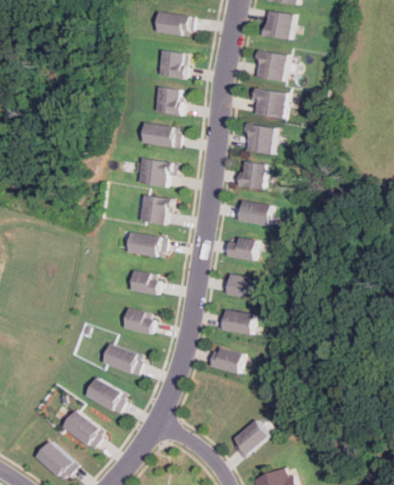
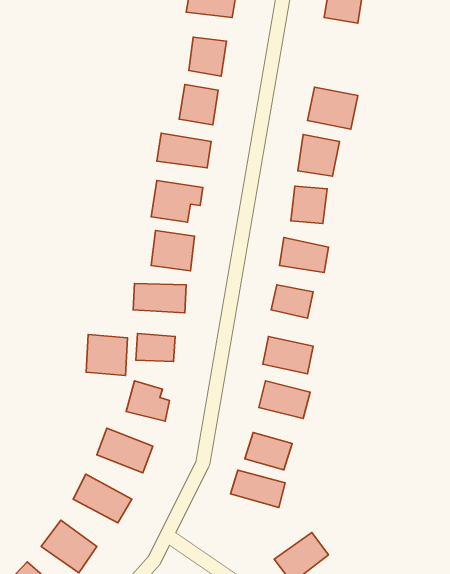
building: [260,50,291,83] -> none
building: none -> [86,335,127,375]
building: none -> [231,470,285,508]

